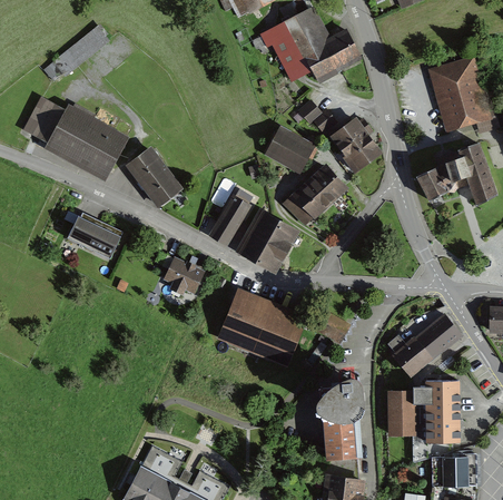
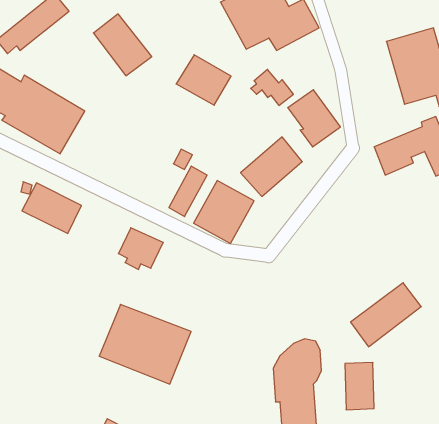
building: [263,125,317,175] -> [176,55,231,105]
building: [126,148,184,209] -> [93,14,152,76]
building: [217,287,308,366] -> [99,304,191,384]
building: [425,379,463,442] -> none

